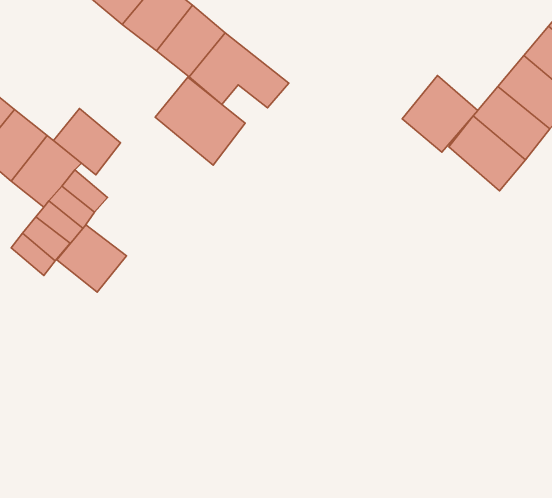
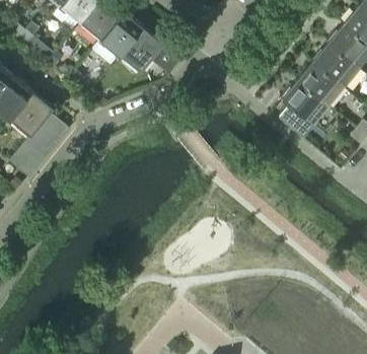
building: [402,76,478,152] -> none
building: [155,77,245,165] -> none
building: [53,108,120,175] -> none
building: [57,225,127,292] -> none

